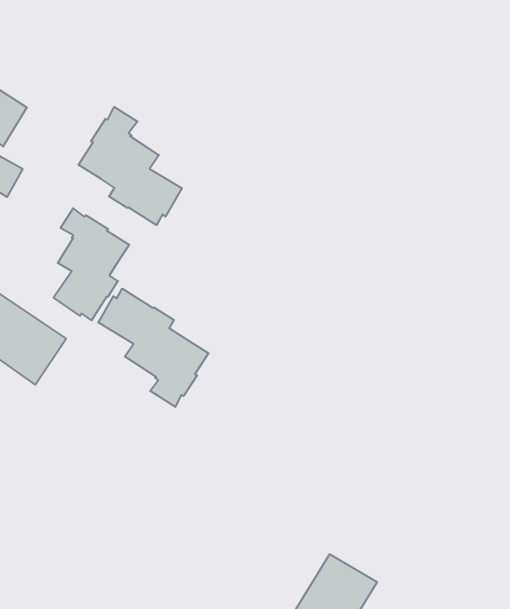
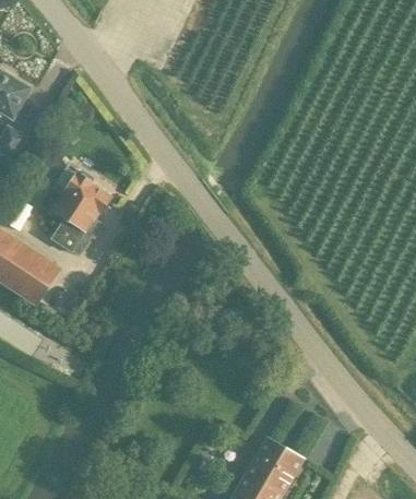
building: [78,107,182,225] -> none
building: [98,289,208,407] -> none

